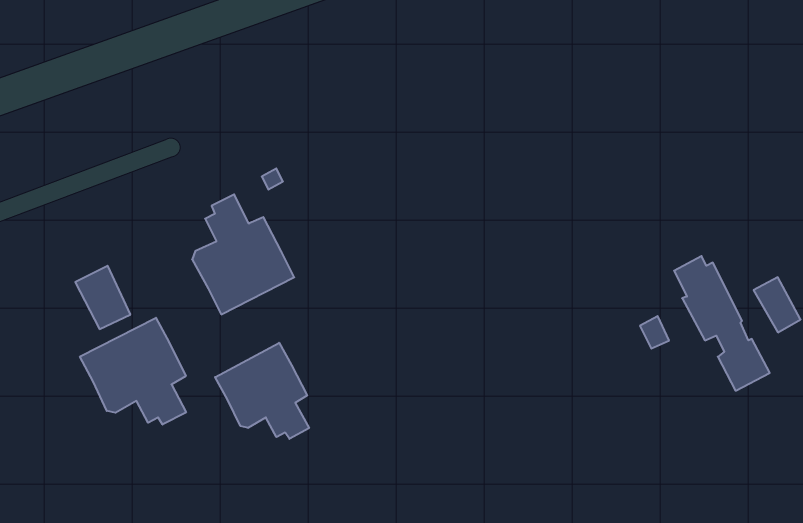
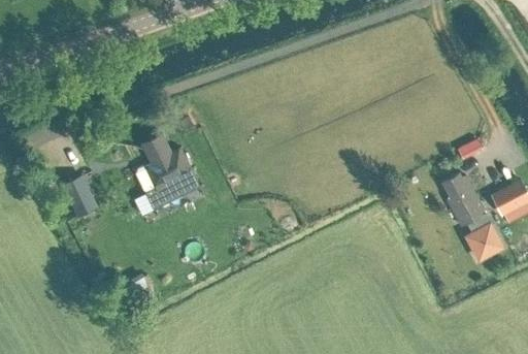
building: [80,318,186,425] -> none
building: [215,343,309,439] -> none

